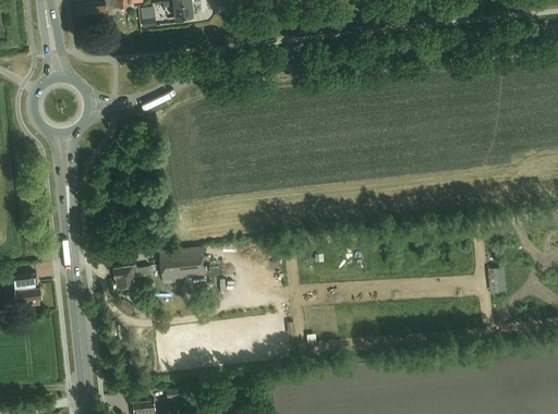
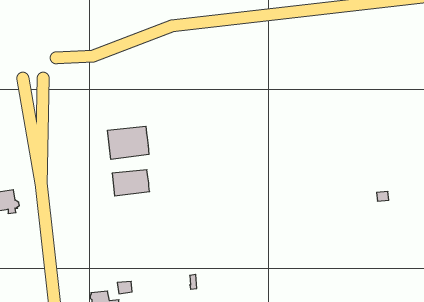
building: none -> [108,126,149,159]
building: [113,264,151,290] -> none

